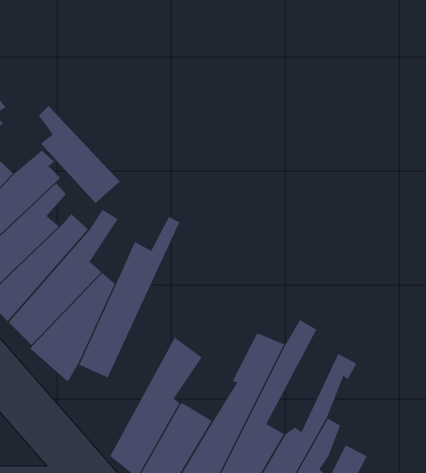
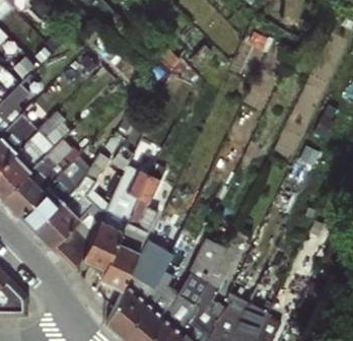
building: [38,105,120,204] -> none
building: none -> [99,162,166,289]

